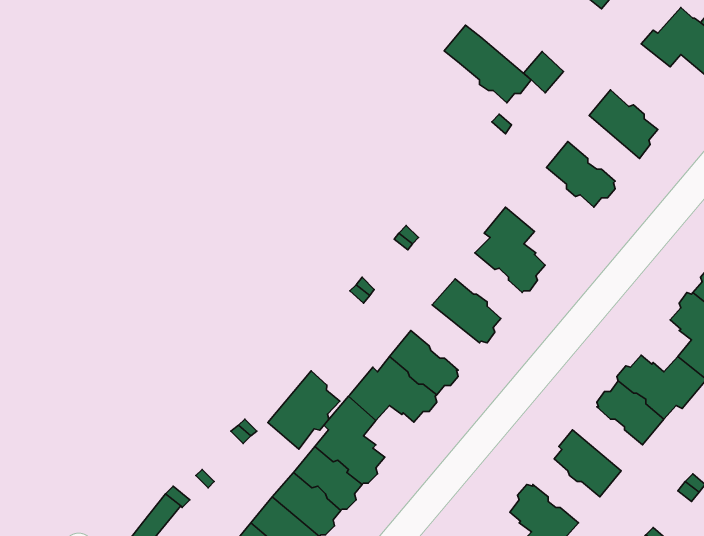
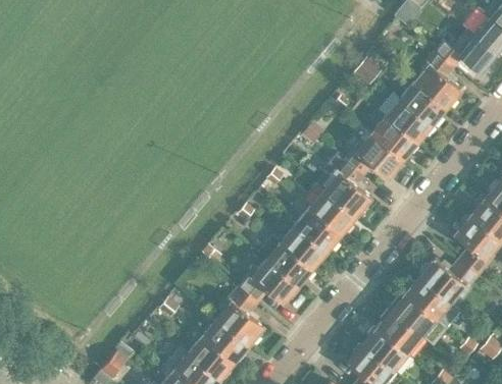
building: [444,25,531,103] -> [374,91,433,143]
building: none -> [413,51,460,108]
building: none -> [343,133,402,178]
building: none -> [309,190,354,234]
building: none -> [280,225,325,269]
building: [268,371,340,449] -> none
building: none -> [388,293,444,344]
building: none -> [361,328,406,371]

